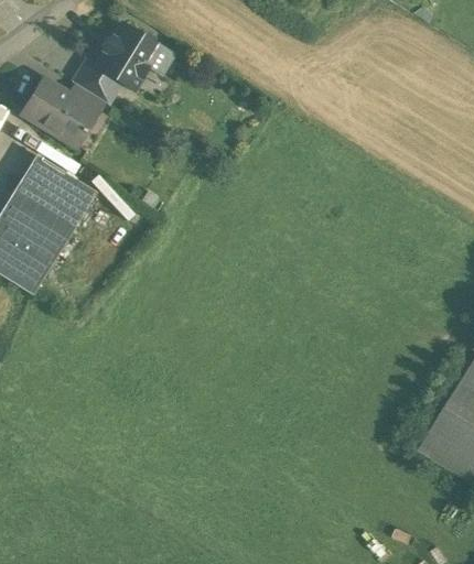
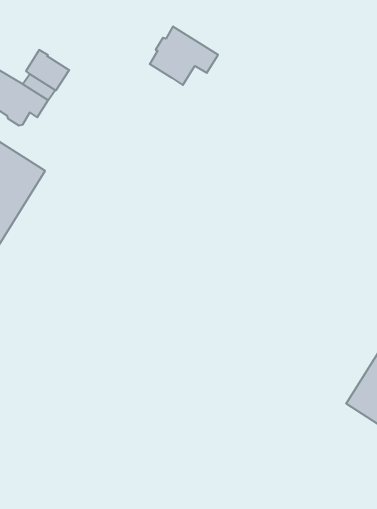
building: [98,25,173,89] -> [150,27,218,85]

